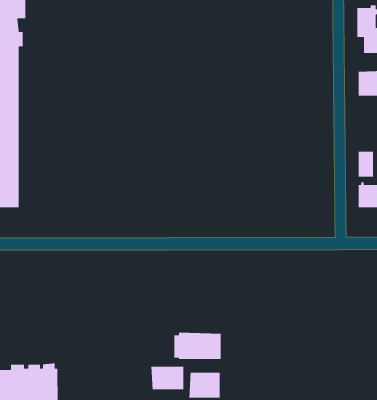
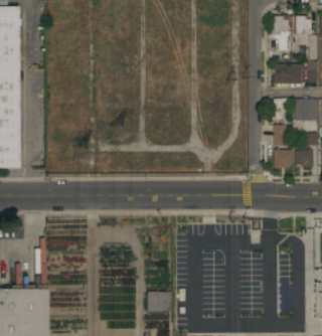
building: [173,332,222,360] -> none
building: [151,366,184,390] -> none

